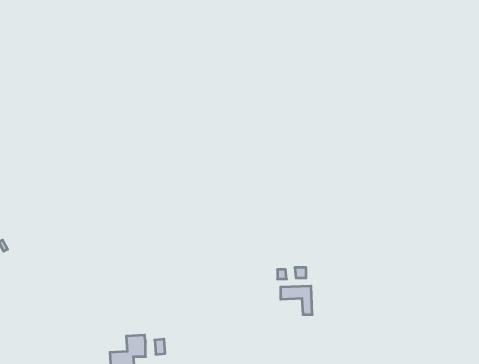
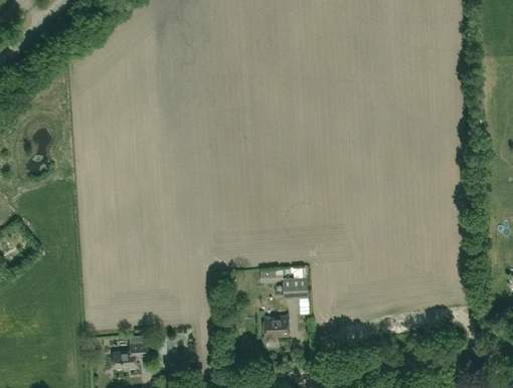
building: none -> [263,317,288,343]

